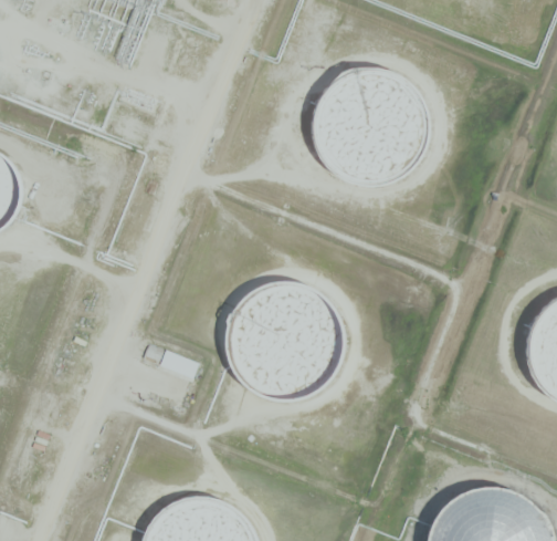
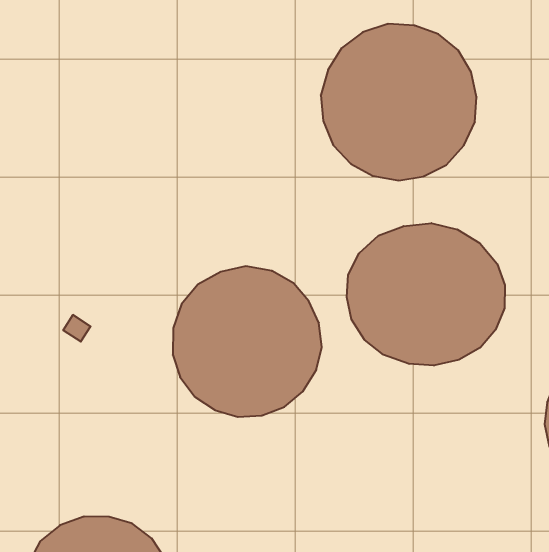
building: none -> [347,223,505,366]

